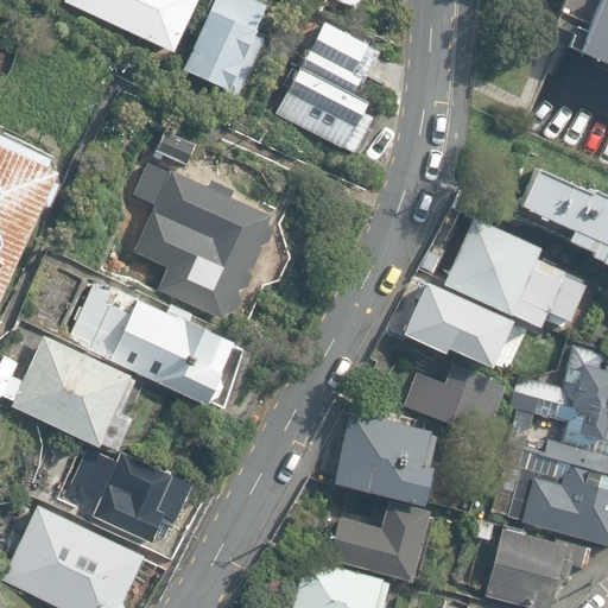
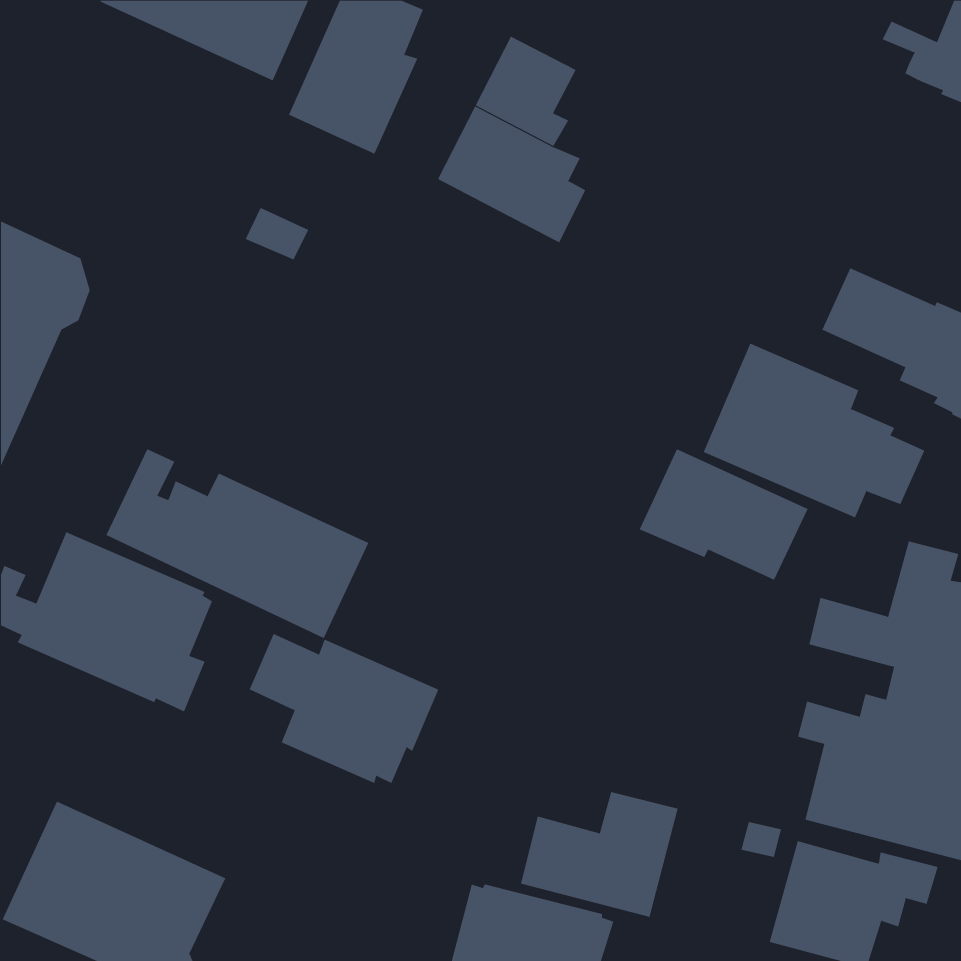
building: [133,165,272,319] -> none
building: [405,366,505,436] -> none
building: [332,411,435,504] -> none
building: [72,448,192,543] -> [249,633,439,784]

